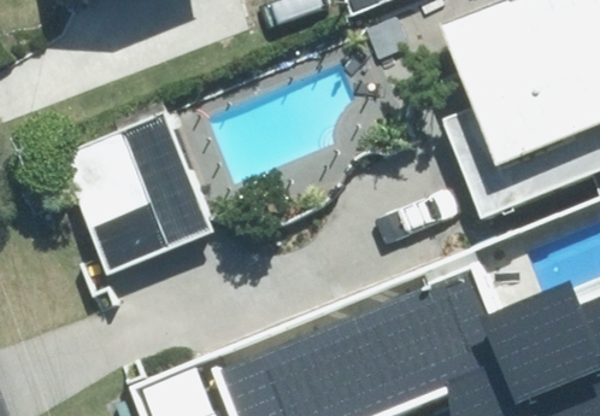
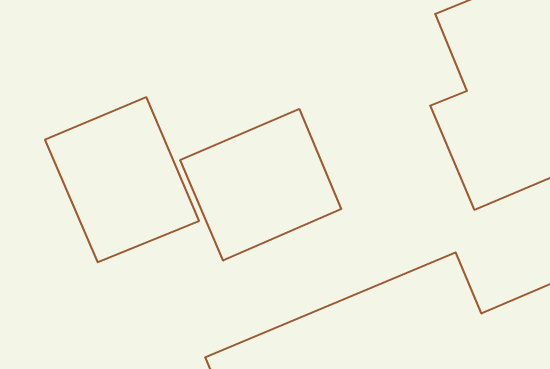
building: none -> [180,109,341,261]

